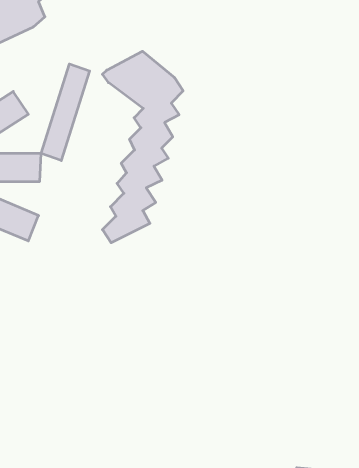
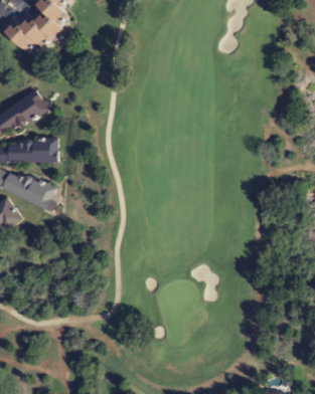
building: [102,51,183,243] -> none
building: [41,64,90,161] -> none

